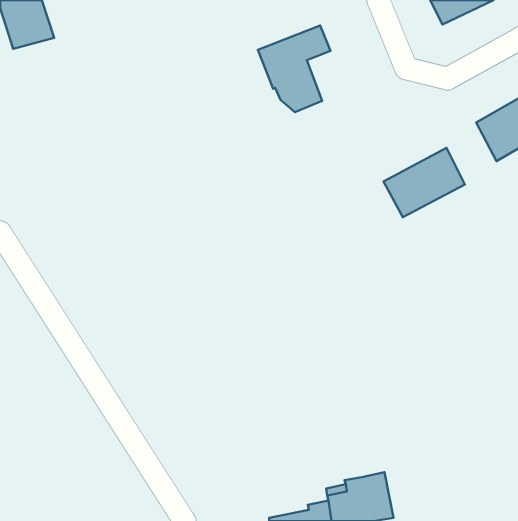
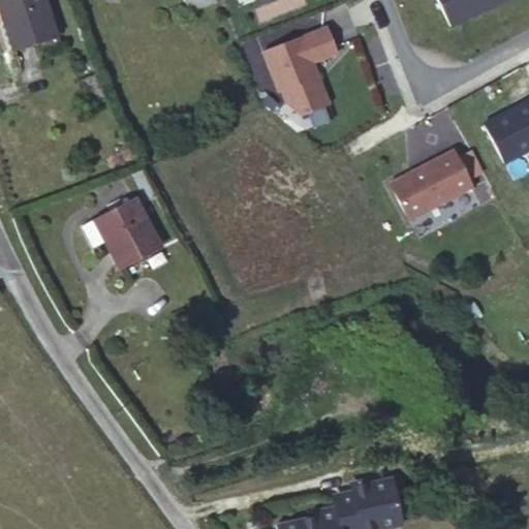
building: none -> [97,197,160,267]

